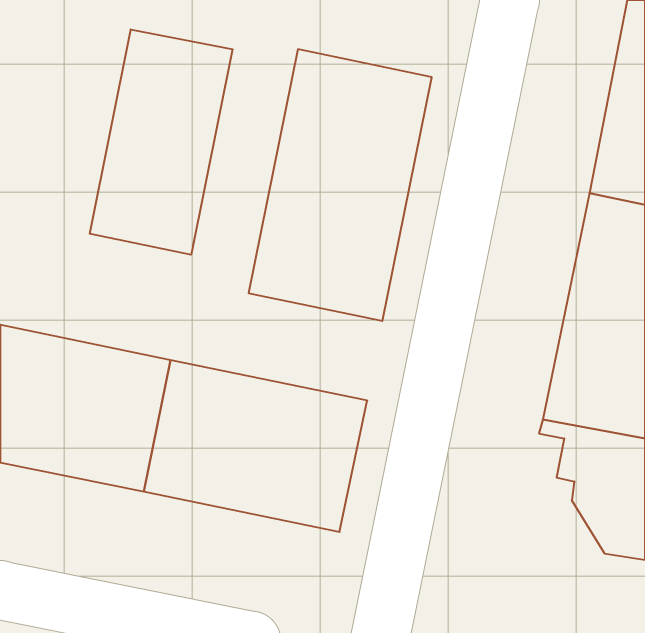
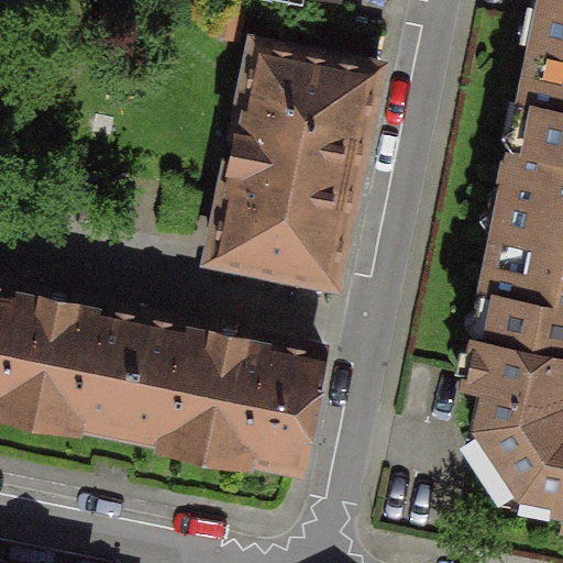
building: [90,29,233,255] -> none

